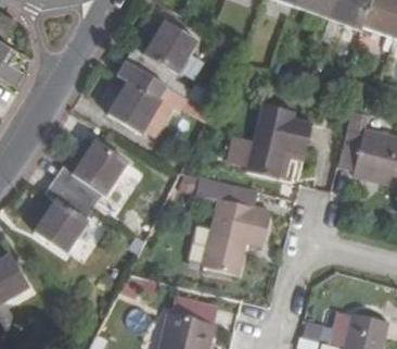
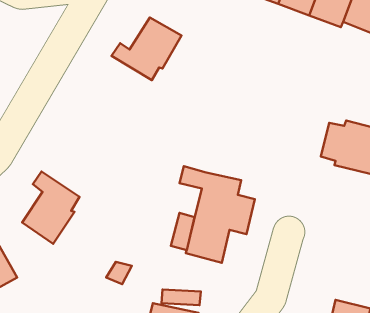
building: [107,61,166,134] -> none
building: [247,103,313,177] -> none
building: [53,141,126,205] -> none

